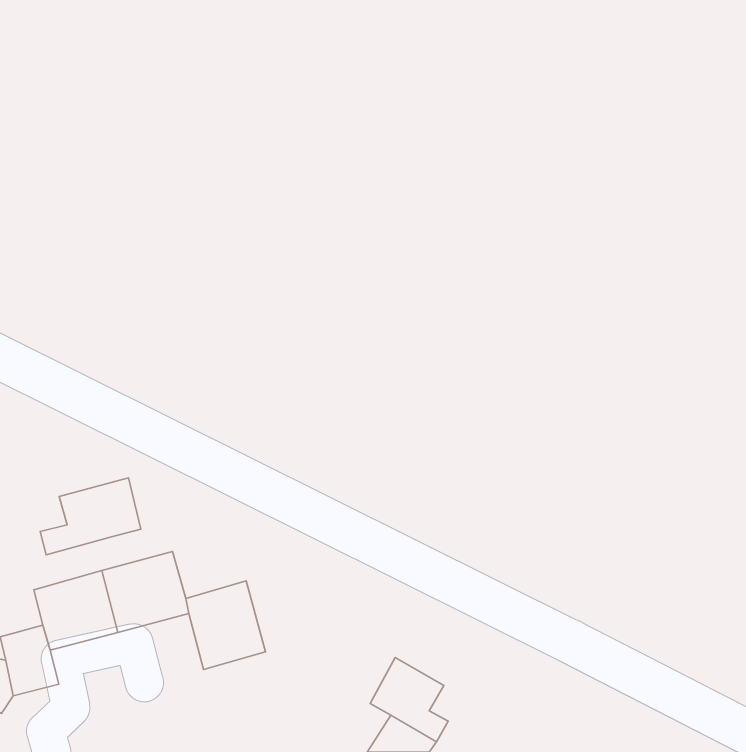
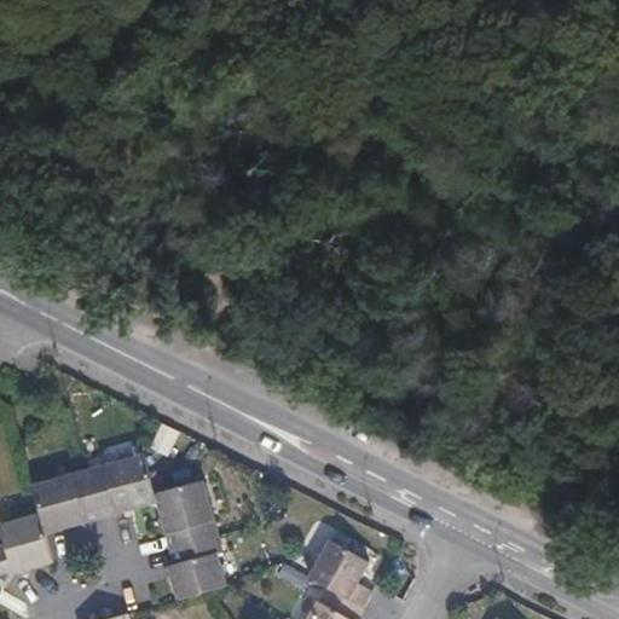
building: [40,478,141,555] -> none
building: none -> [167,534,226,600]

